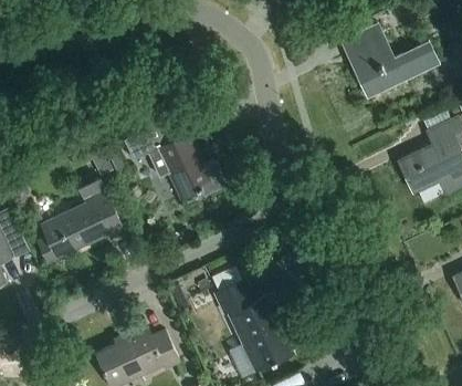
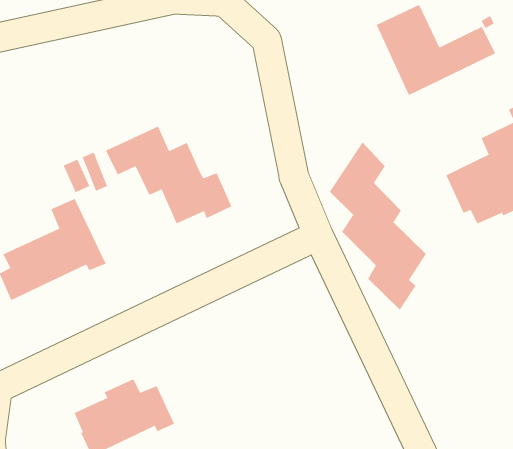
building: none -> [329,142,426,310]
building: [214,281,292,372] -> none

